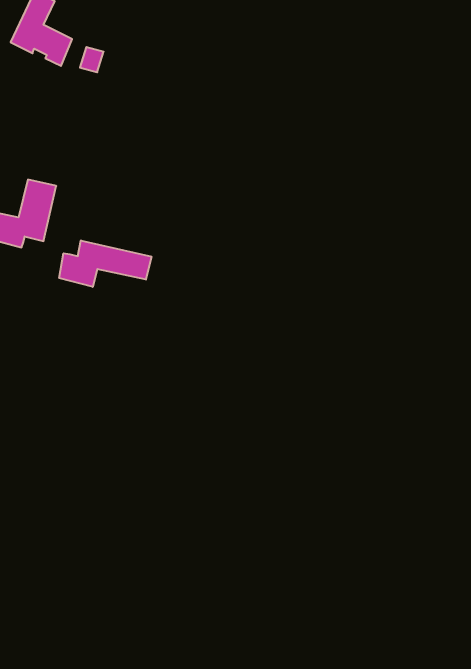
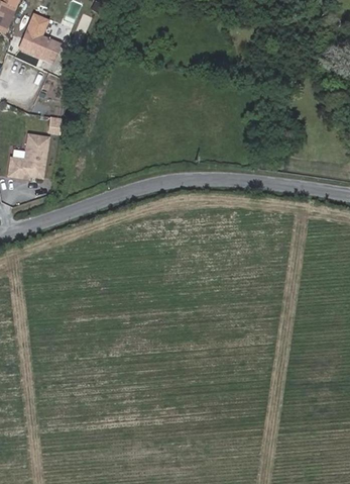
building: [59,240,151,287] -> none

